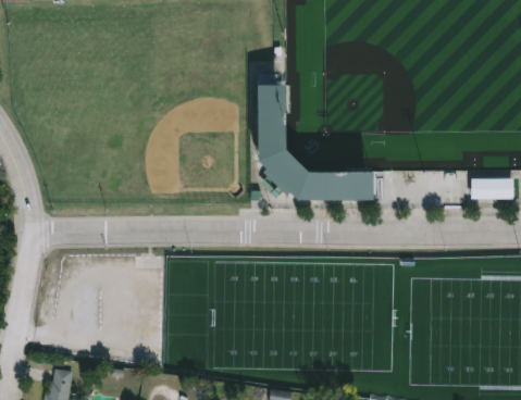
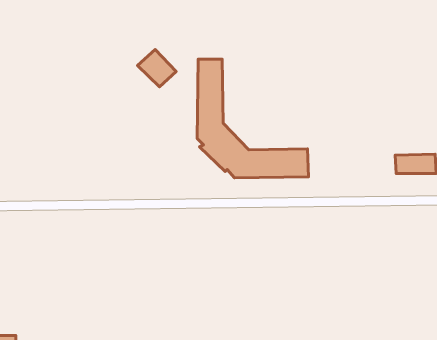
building: none -> [137,49,176,87]

